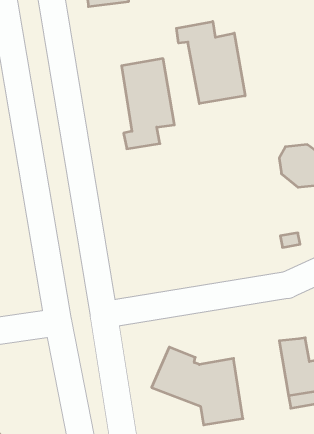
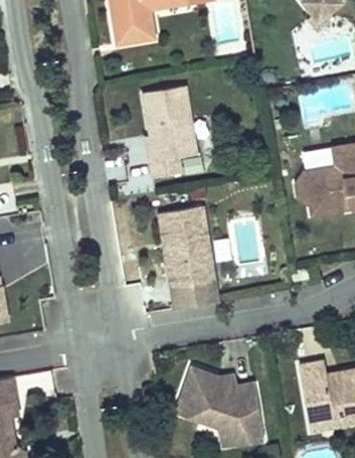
building: [176,21,245,104] -> none
building: none -> [158,205,213,309]

